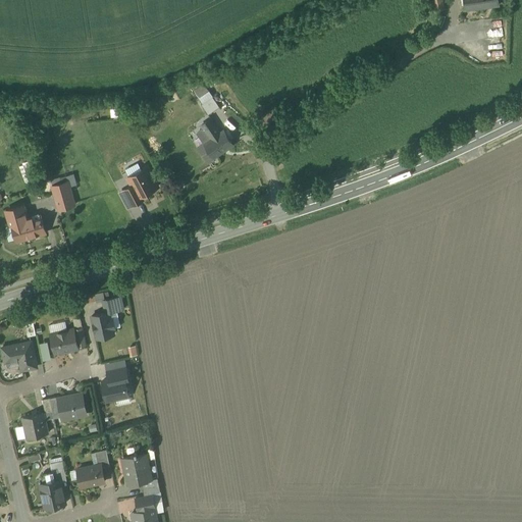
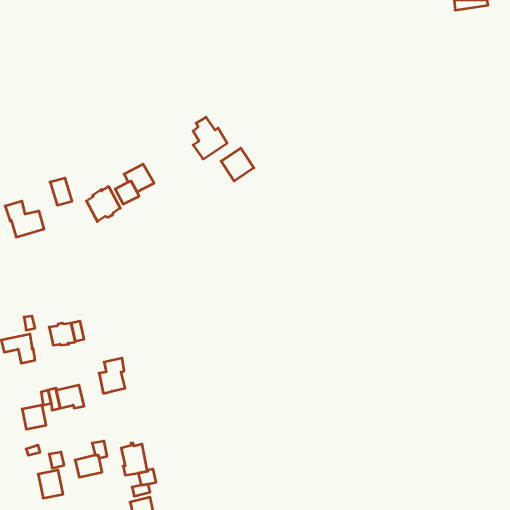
building: none -> [221,148,254,181]
building: none -> [86,186,120,222]
building: [94,299,124,343] -> none

